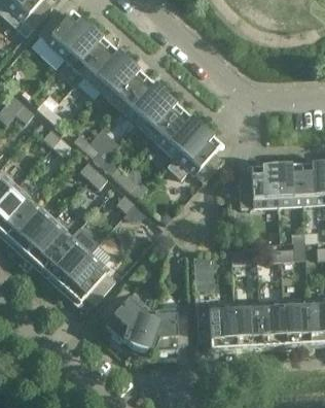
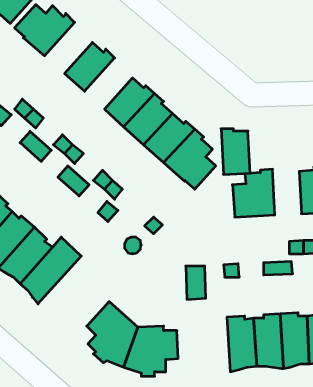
building: [64,28,108,75] -> none
building: [101,61,145,108] -> none
building: [275,164,301,206] -> [221,129,250,174]
building: [58,250,114,305] -> none
building: [195,301,236,351] -> none

